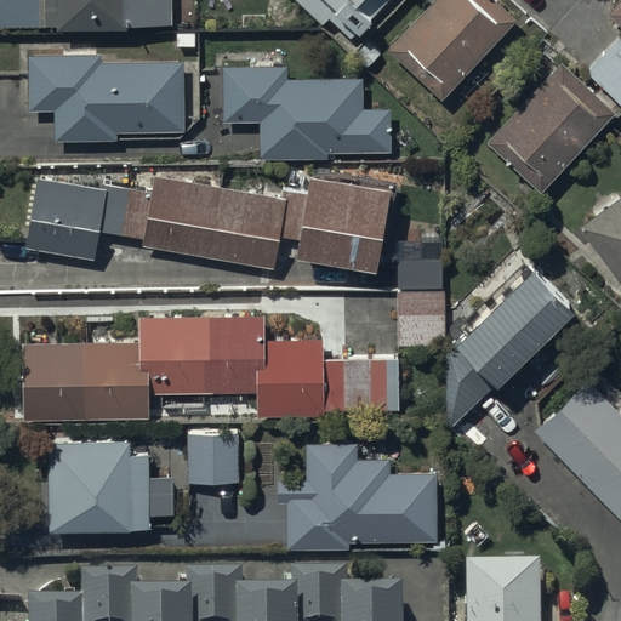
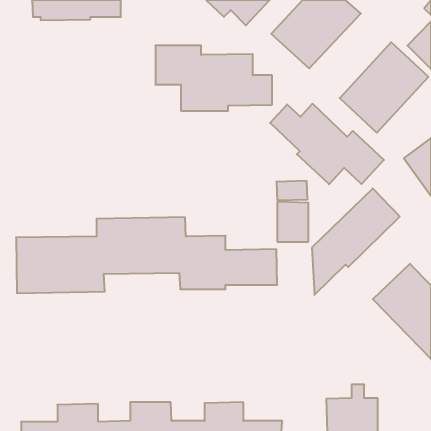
building: [29,55,184,141] -> none
building: none -> [270,104,384,184]
building: [27,173,394,273] -> none
building: [188,433,239,483] -> none
building: [49,441,153,531] -> none
building: [279,445,439,551] -> none

